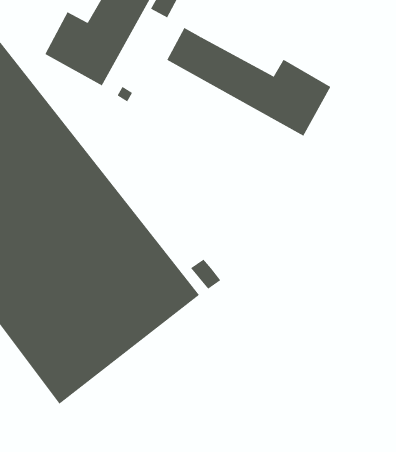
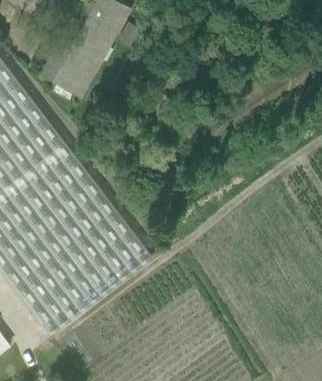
building: [166,27,331,136] -> none

